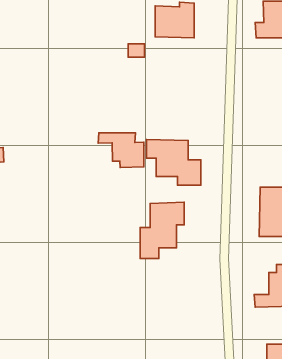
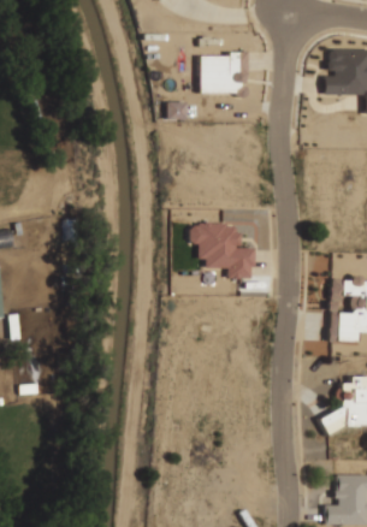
building: [98,133,144,167] -> none
building: [140,202,184,259] -> none

